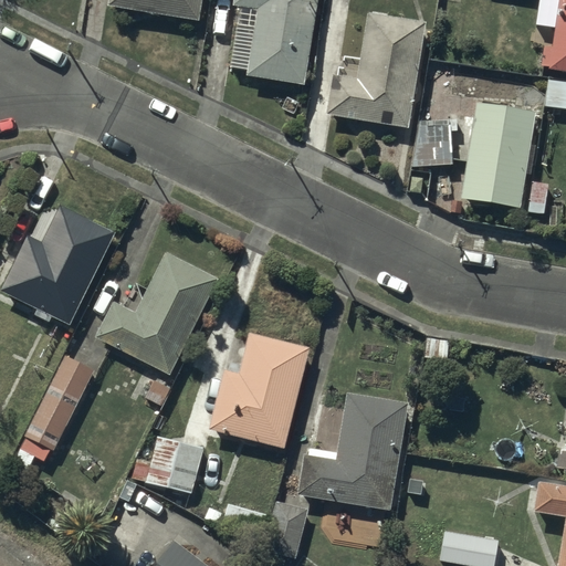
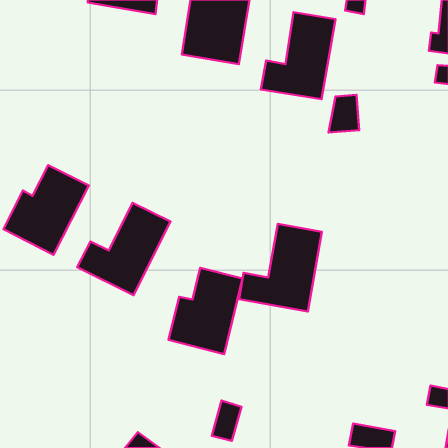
building: [465,105,535,205] -> none
building: [12,354,94,471] -> none
building: [301,397,405,507] -> [239,224,322,312]
building: [136,438,205,493] -> none

